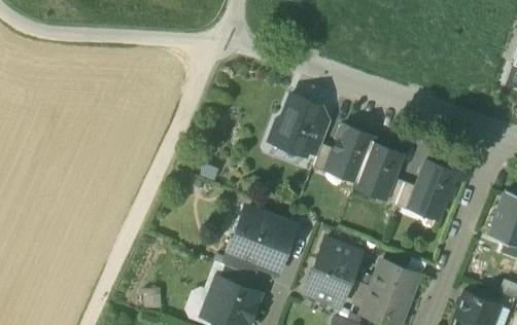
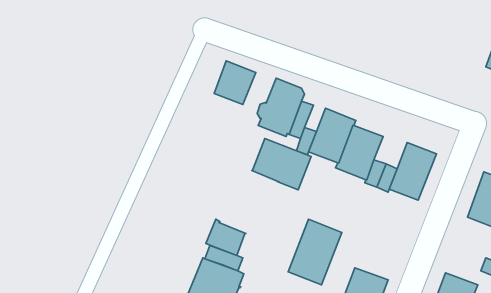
building: none -> [214,61,256,105]
building: [234,209,295,261] -> [252,138,311,190]
building: [373,260,417,300] -> none

